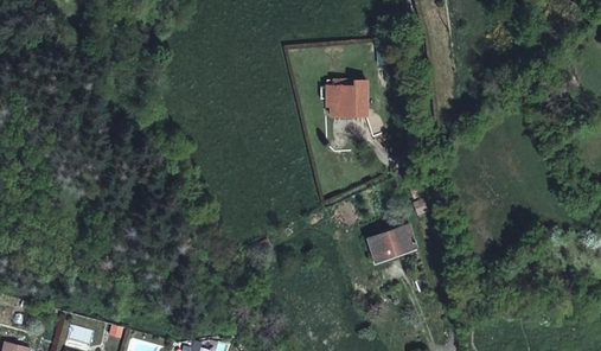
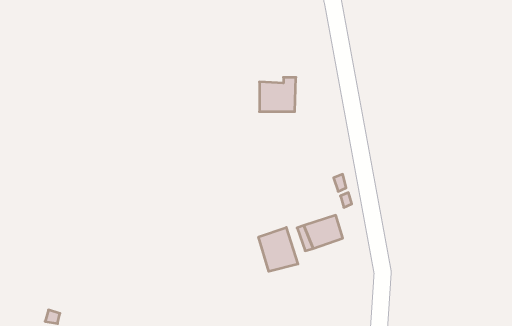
building: none -> [259,227,298,271]

